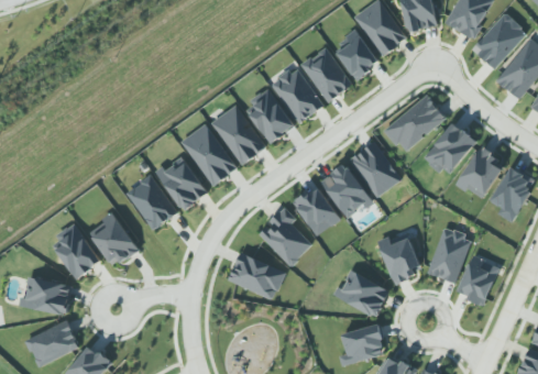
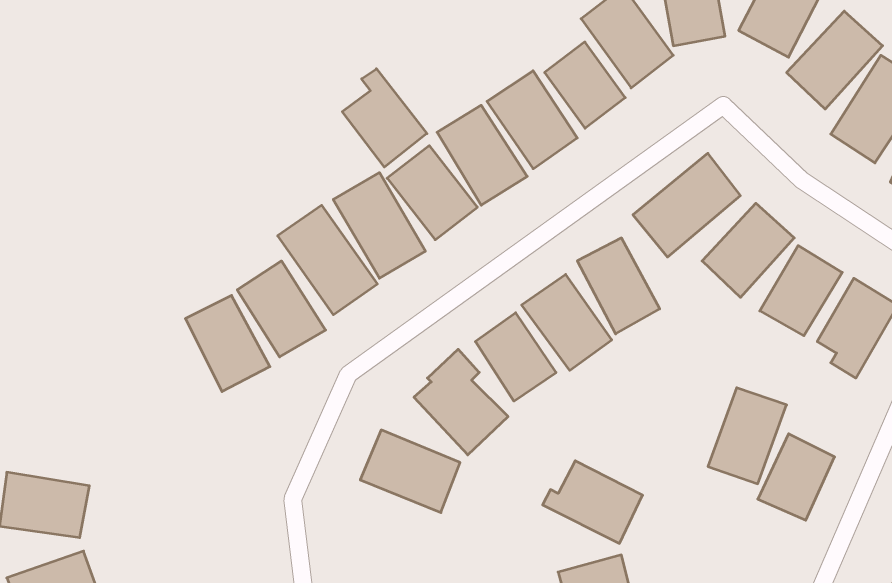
building: none -> [342,69,427,167]
building: [88,214,139,267] -> none
building: [50,224,101,279] -> none
building: [377,238,422,284] -> none

